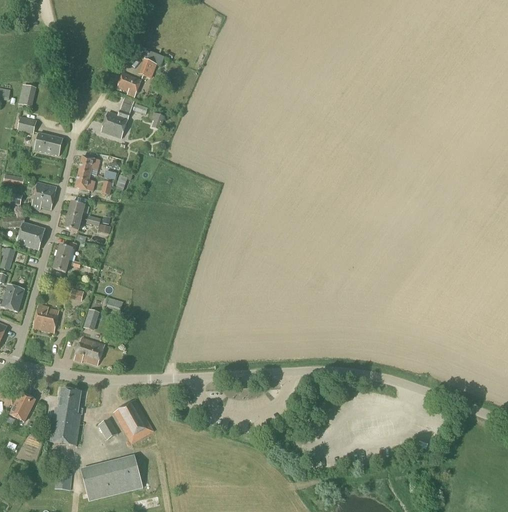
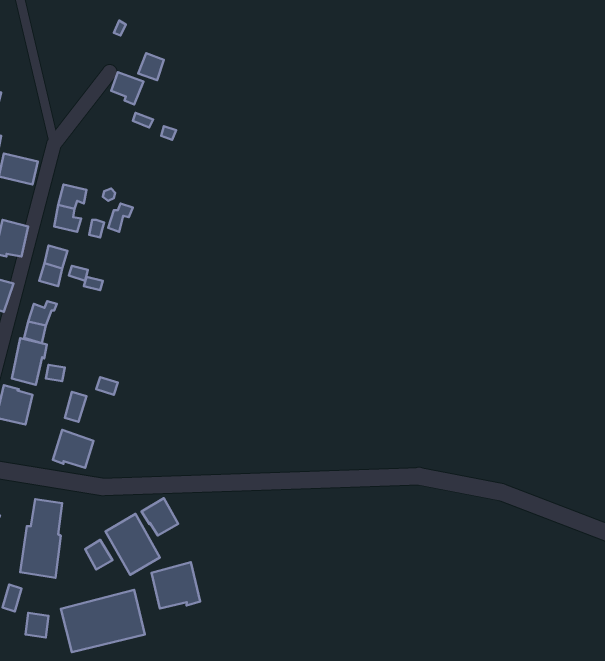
building: [101,95,134,137] -> none
building: none -> [12,338,47,385]
building: none -> [142,498,178,535]
building: none -> [152,562,200,609]

